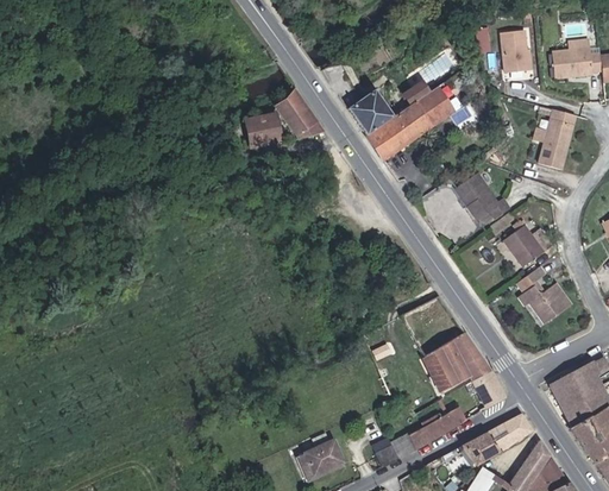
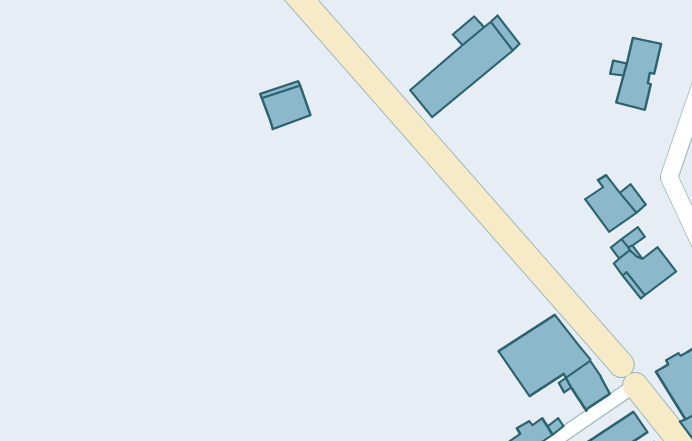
building: [275,87,329,144] -> none
building: [353,87,397,134] -> none
building: [457,176,508,220] -> none

